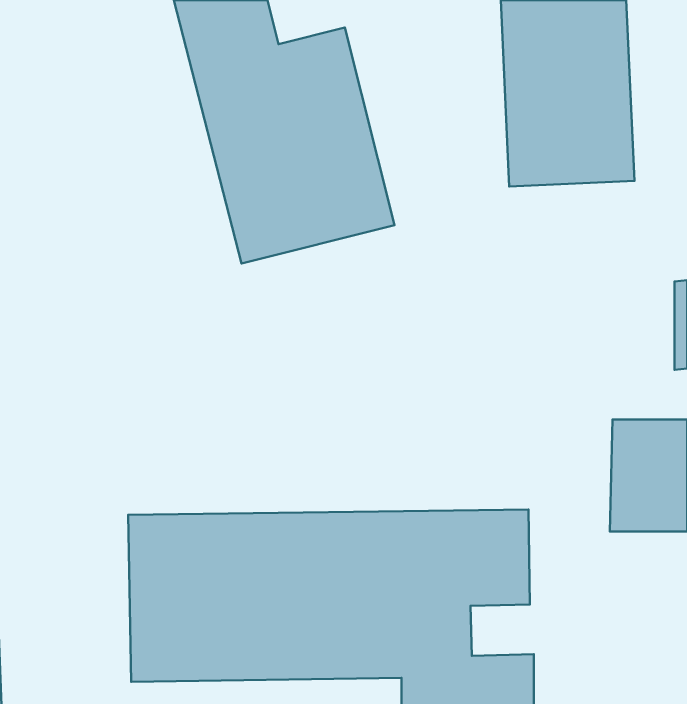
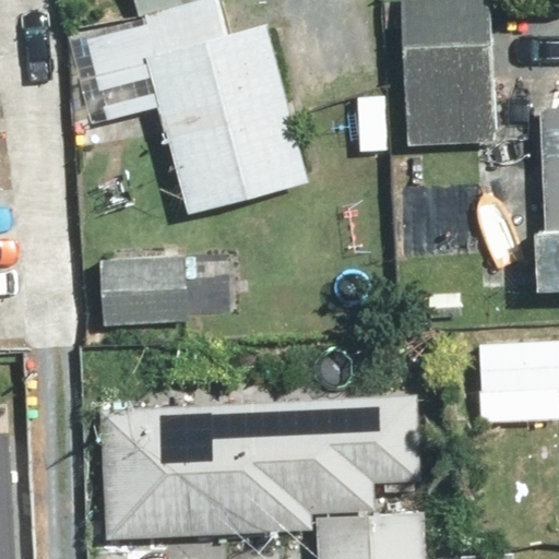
building: none -> [95,242,180,331]

